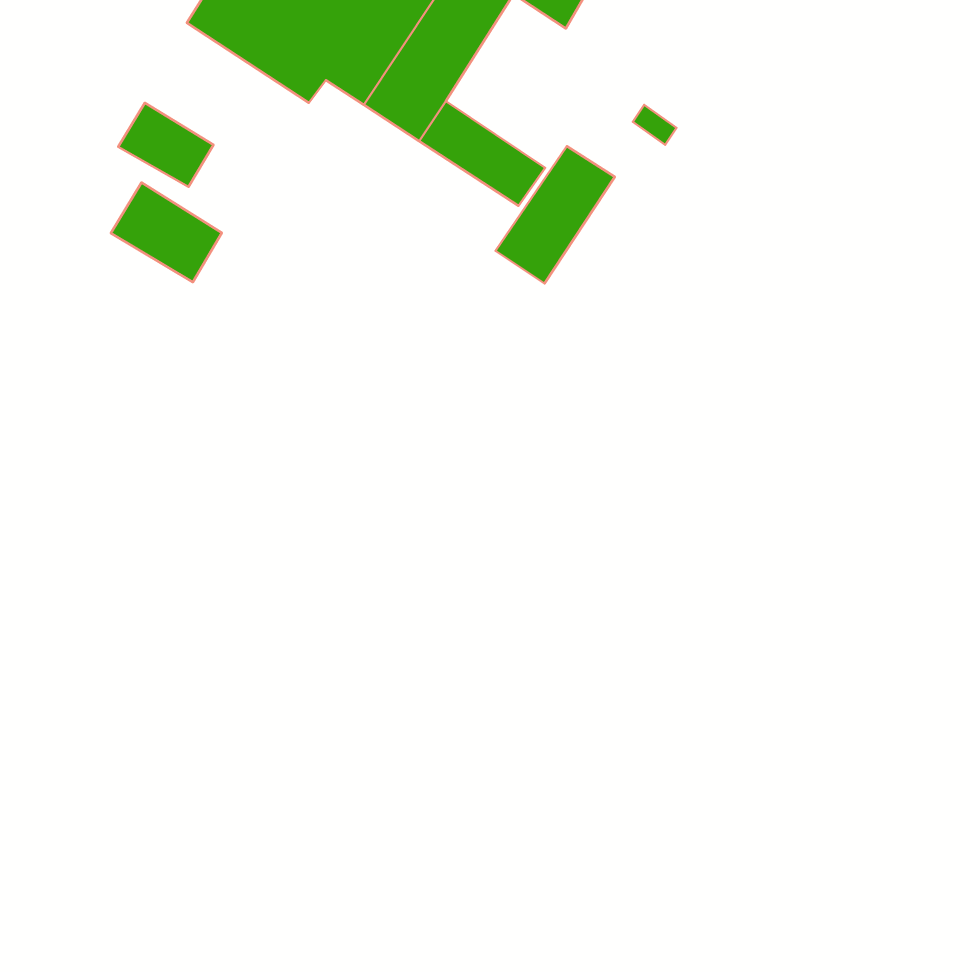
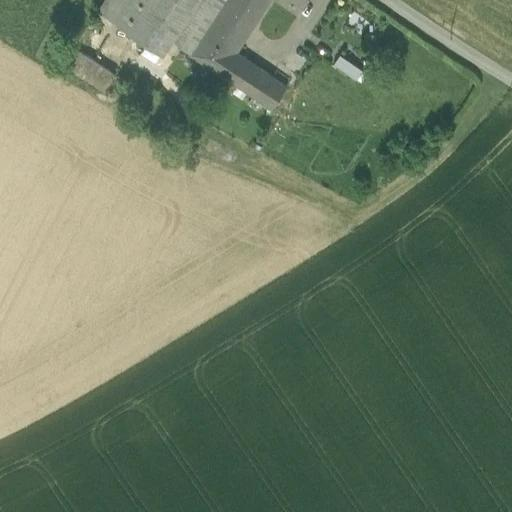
building: [495,146,615,284] -> none
building: [111,182,222,282] -> none

